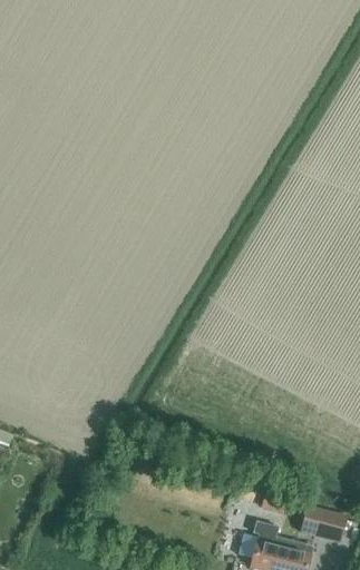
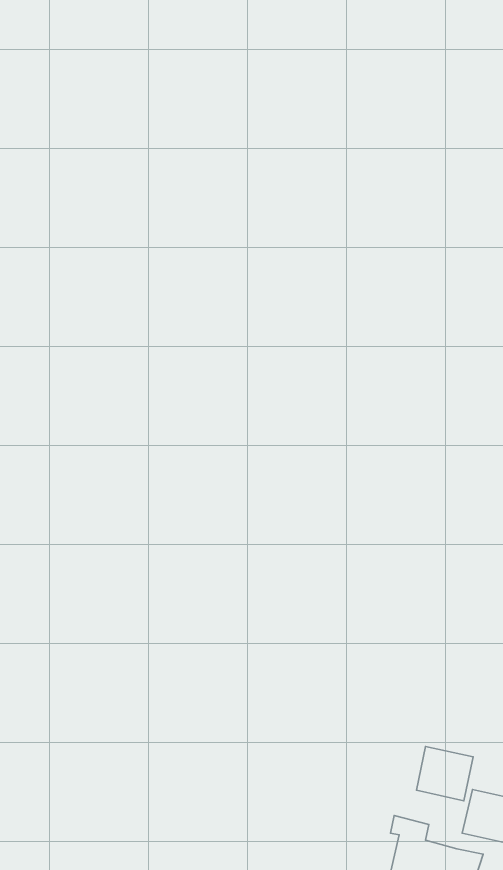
building: none -> [416,746,473,801]

